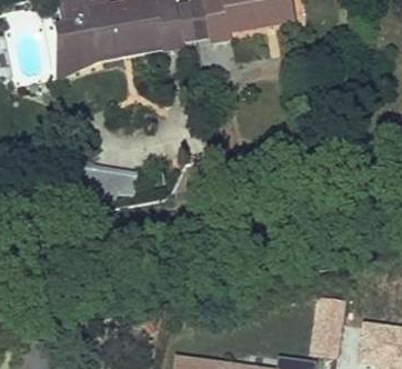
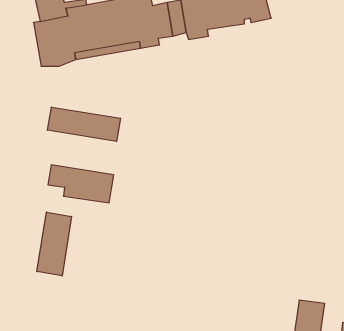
building: none -> [47,107,121,141]
building: none -> [37,212,72,276]

